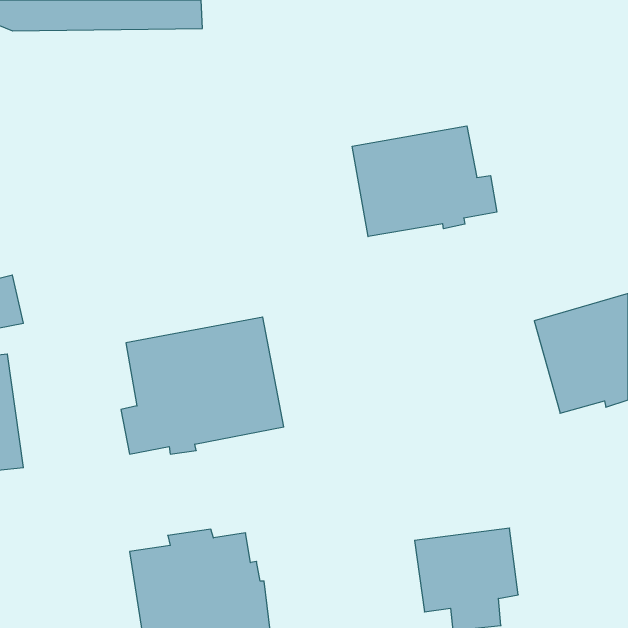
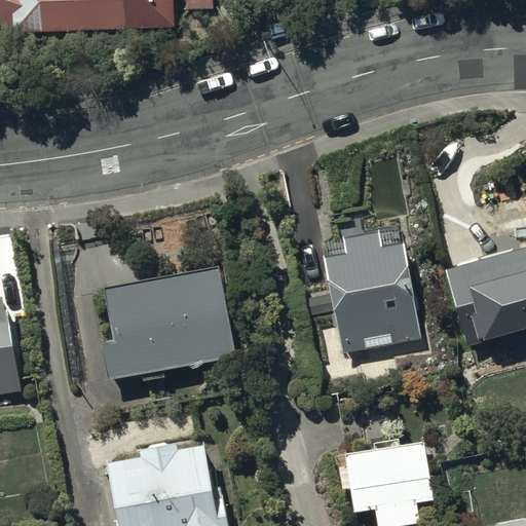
building: [352,126,497,237] -> none
building: none -> [322,228,422,351]

